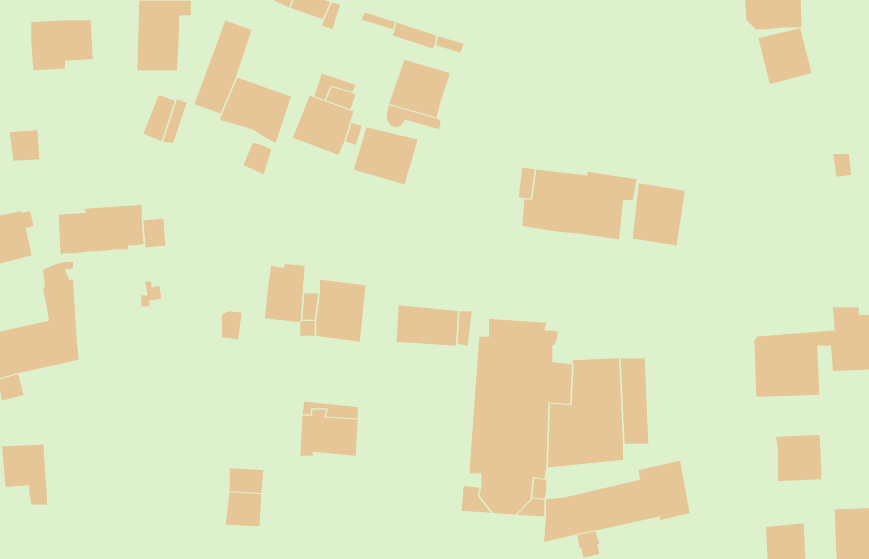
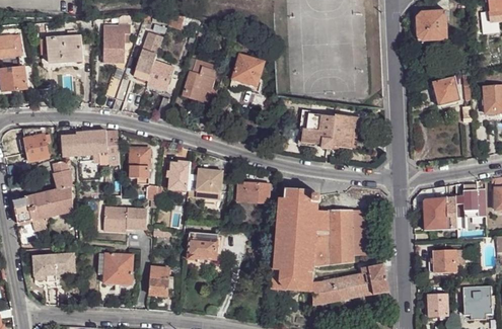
building: [757,28,812,85] -> [432,76,460,105]
building: [353,126,419,185] -> none
building: [632,182,685,246] -> none
building: none -> [129,148,149,184]
building: none -> [103,207,147,230]
building: none -> [55,252,75,285]
building: none -> [103,253,132,285]

